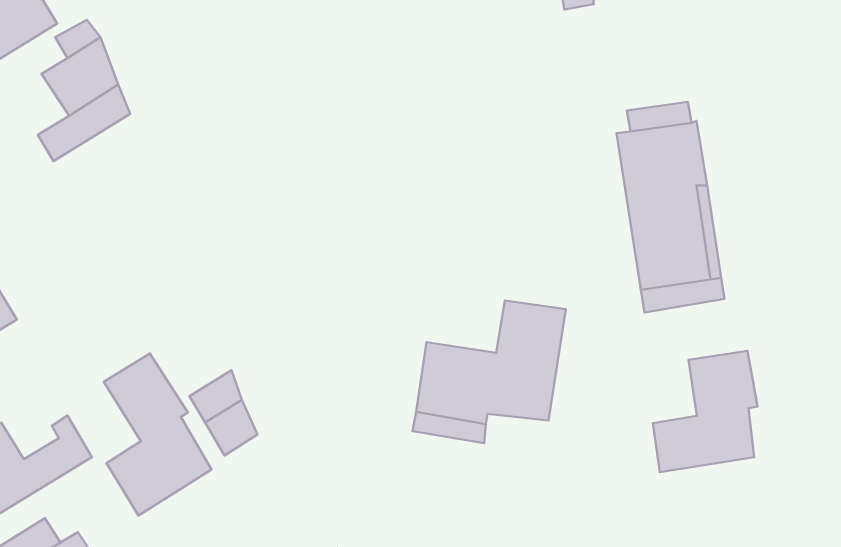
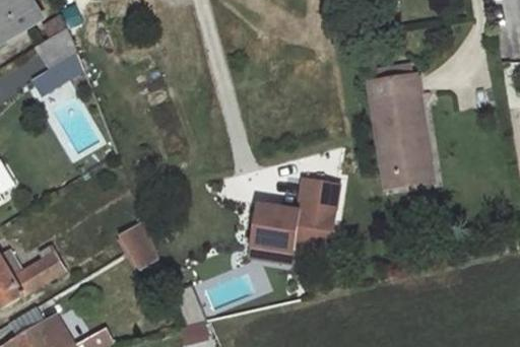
building: [653,351,757,472] -> none
building: [104,353,212,515] -> none

